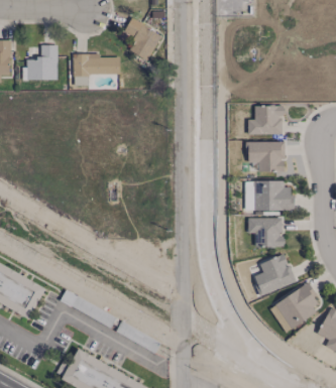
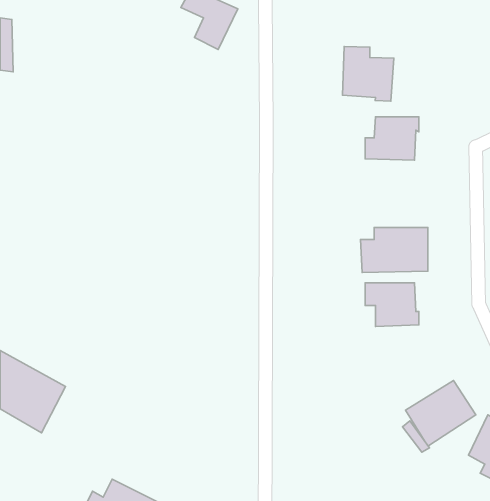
building: [26,44,57,80] -> none
building: [72,53,119,86] -> none
building: none -> [343,46,394,101]
building: [247,141,285,171] -> none
building: [253,254,295,295] -> none

